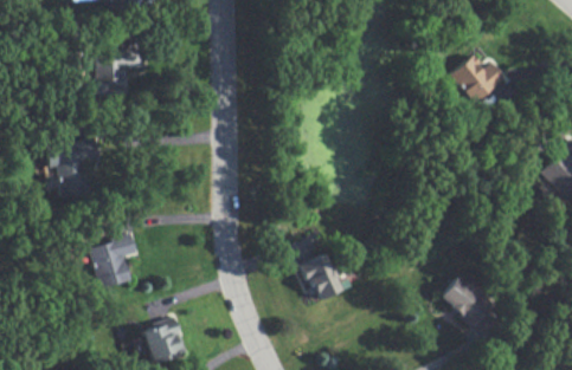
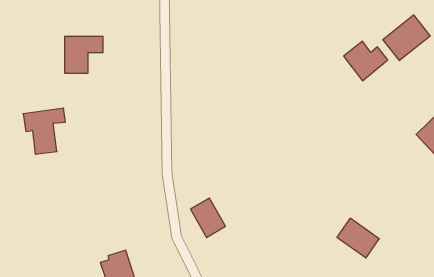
building: none -> [383,15,430,61]
building: [90,234,136,290] -> none
building: [300,253,343,303] -> [191,198,225,238]

